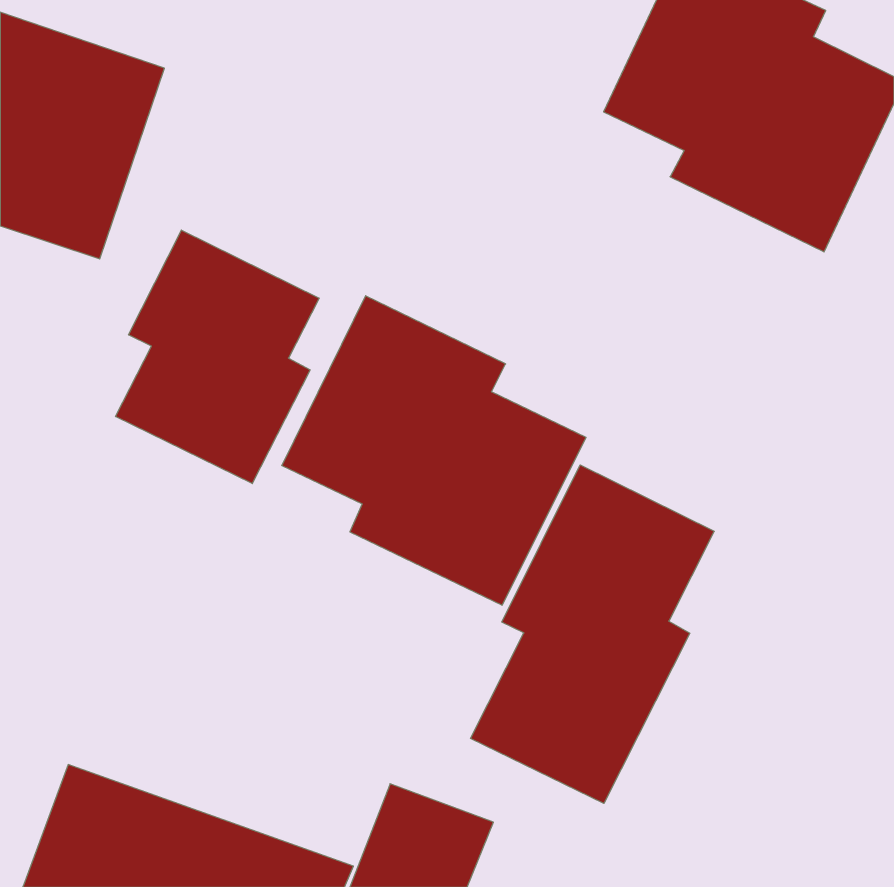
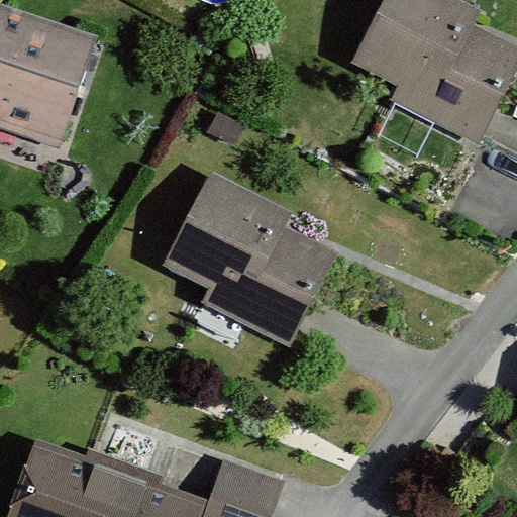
building: [116,230,319,484] -> none
building: [471,465,714,803] -> none

